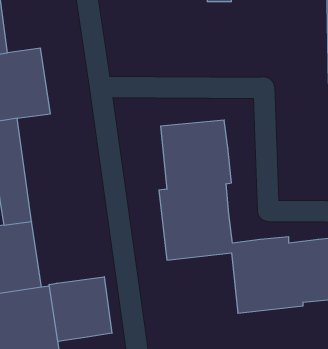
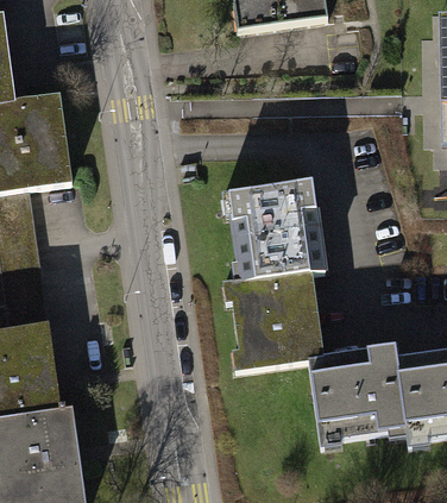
building: [49,277,112,342] -> none

